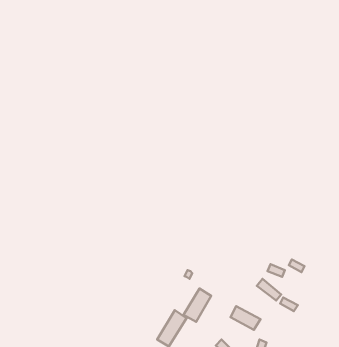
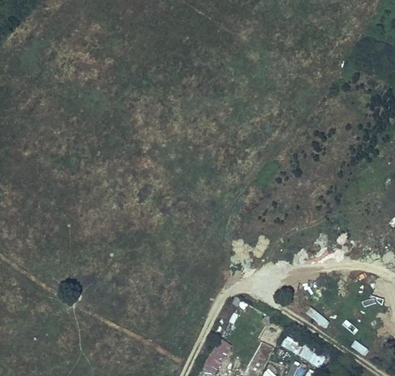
building: [184,289,211,322] -> none

